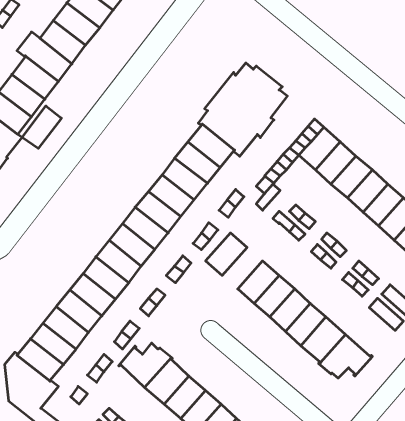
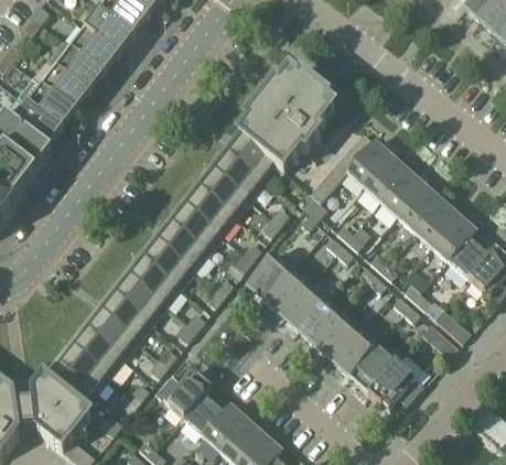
building: [22,106,61,148] -> none
building: none -> [263,267,306,311]

